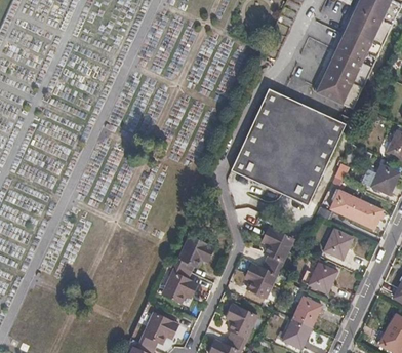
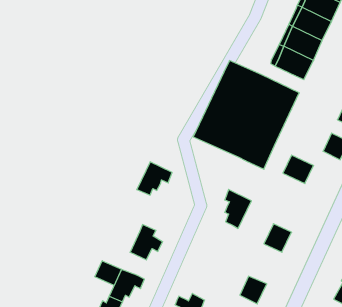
building: [351,200,380,229] -> none
building: [323,228,353,260] -> none
building: [176,234,214,270] -> [137,162,172,195]
building: [247,261,279,296] -> none
building: [290,297,320,327] -> none
building: none -> [95,261,122,285]
building: [228,304,257,345] -> none

